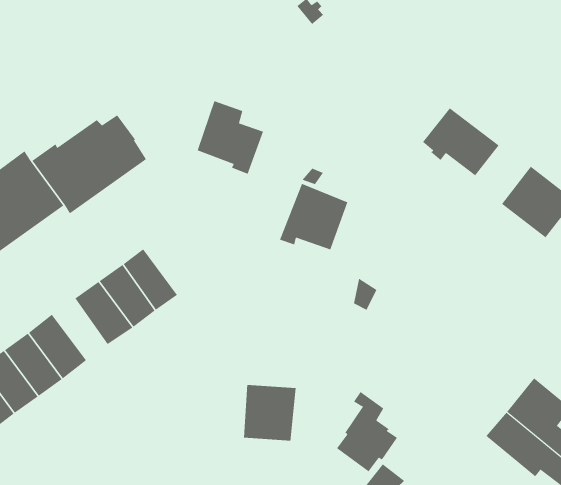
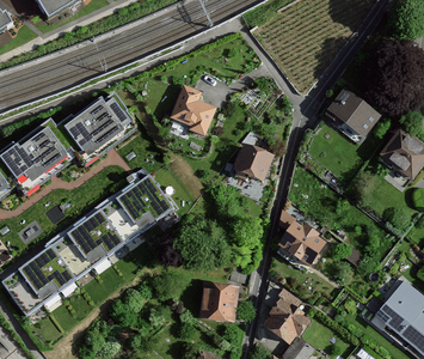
building: none -> [131,175,171,219]
building: none -> [68,221,106,264]
building: none -> [275,223,325,264]

